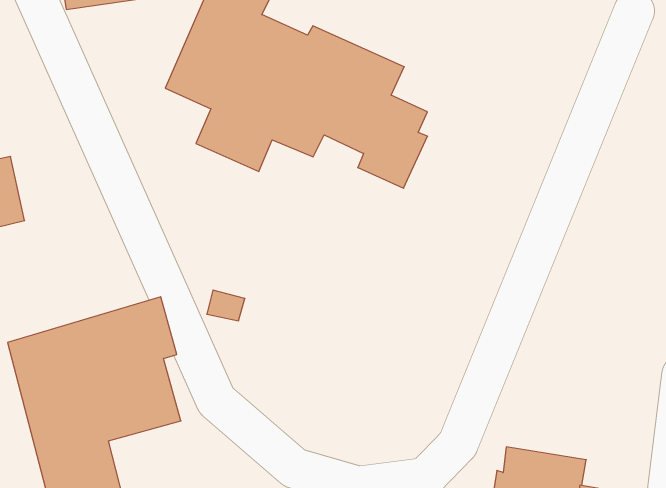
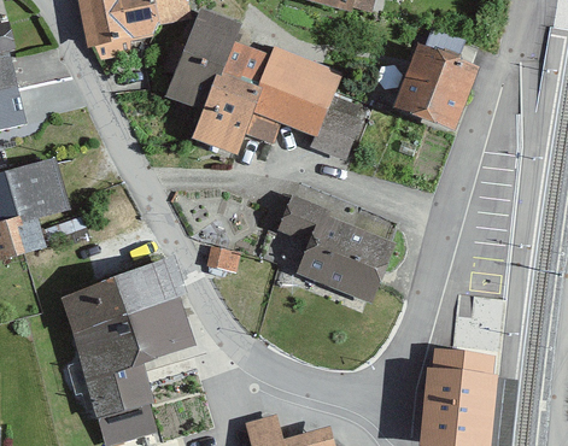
building: none -> [388,41,476,129]
building: none -> [274,195,391,303]

